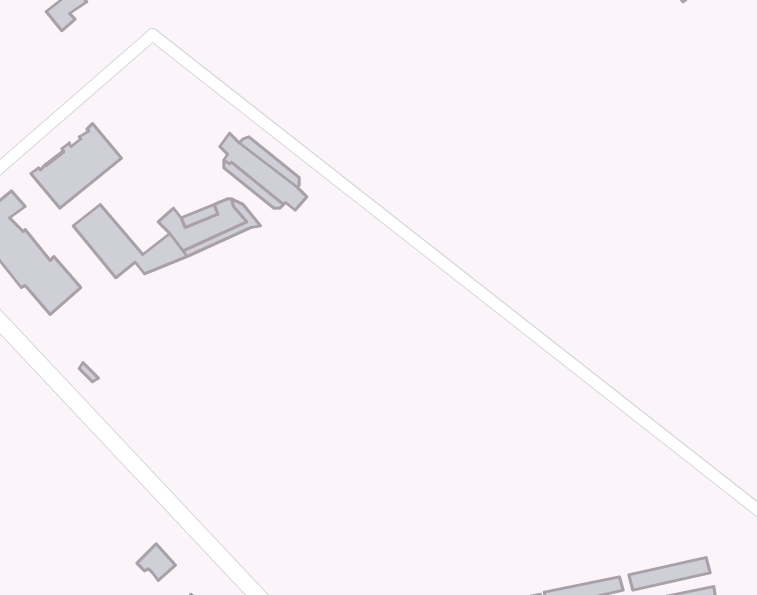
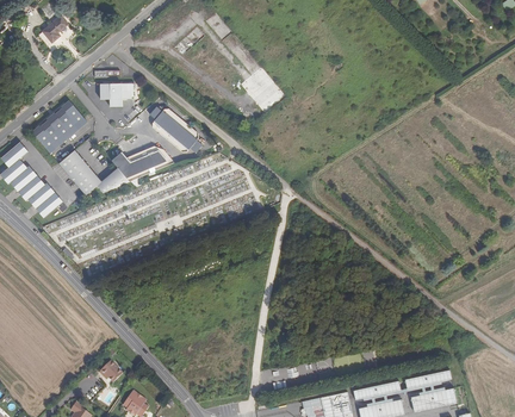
building: none -> [100,82,130,106]

